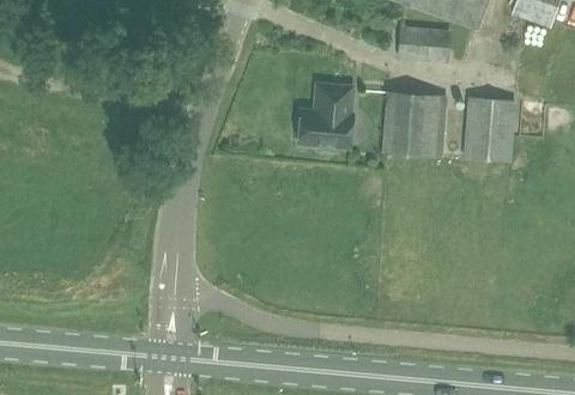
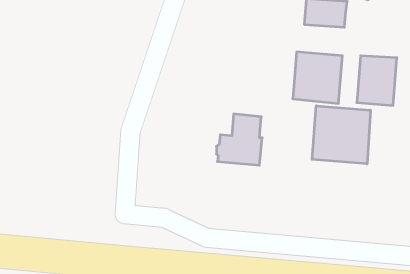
building: [296,84,353,148] -> [216,114,262,165]
building: none -> [312,106,370,164]

